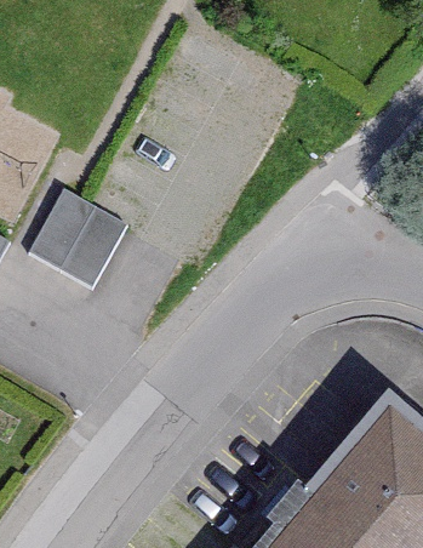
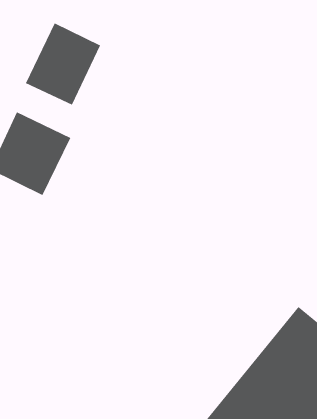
building: none -> [25,23,101,105]

